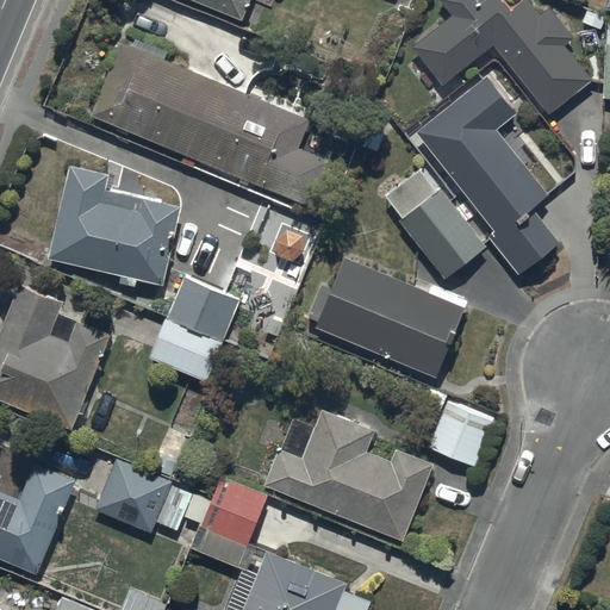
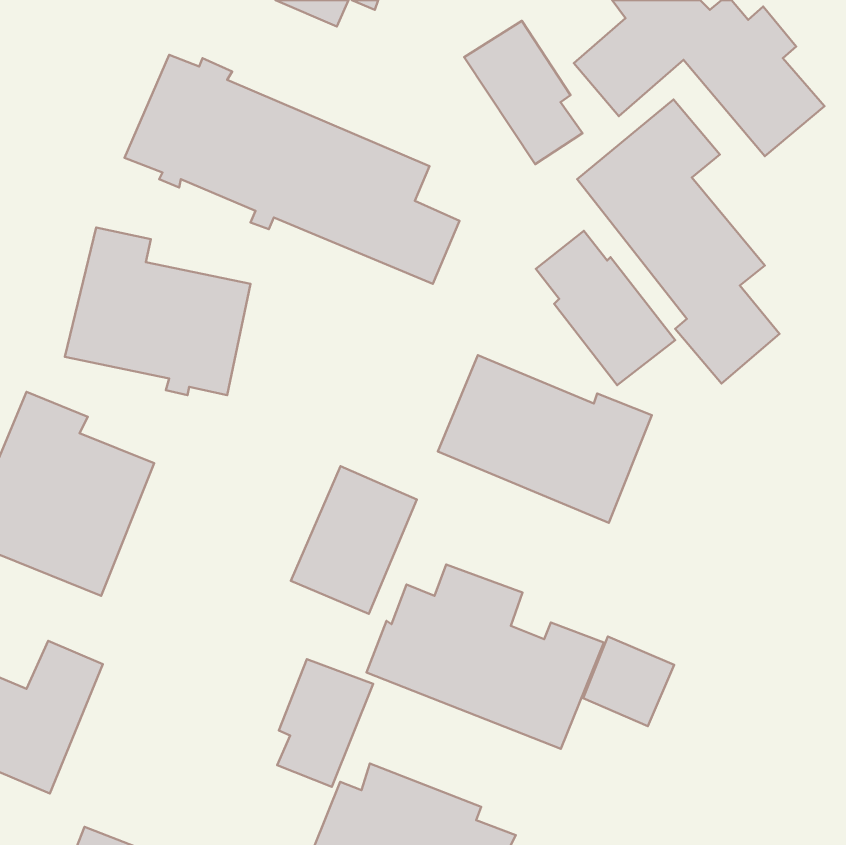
building: none -> [464,21,582,164]
building: [148,276,238,382] -> [291,466,417,614]
building: [428,403,493,467] -> [583,637,674,726]
building: [95,458,191,533] -> none

